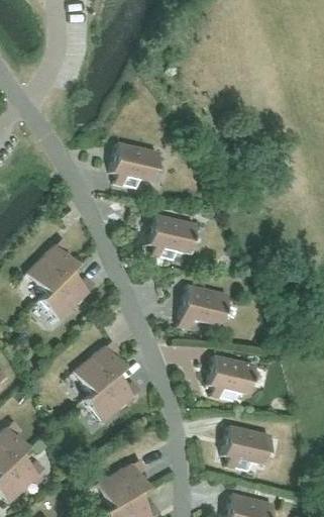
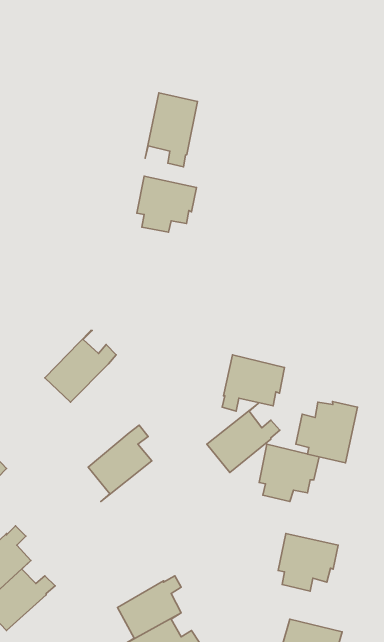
building: none -> [145,93,197,167]
building: [148,214,197,260] -> none
building: [26,238,76,302] -> none
building: none -> [296,402,358,463]
building: [84,368,141,422] -> [207,403,280,472]

